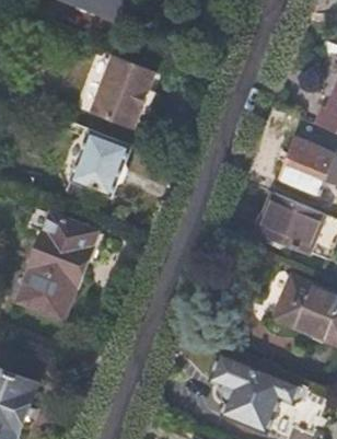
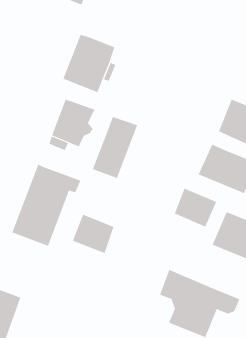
building: none -> [92,116,138,179]
building: none -> [174,188,217,228]
building: none -> [72,214,114,254]

